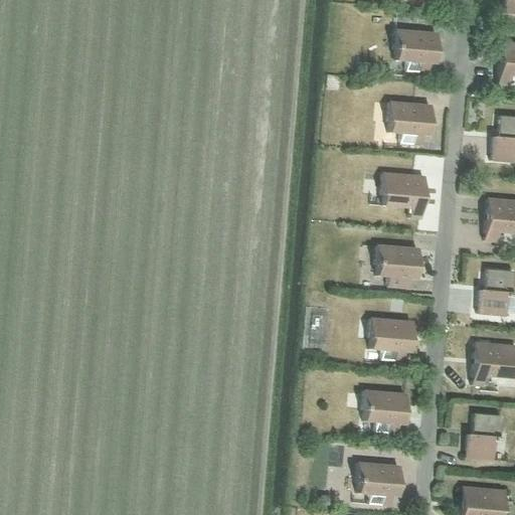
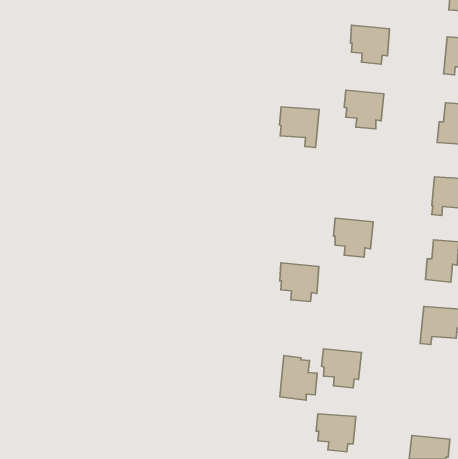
building: [381,172,425,217] -> [279,107,319,147]
building: [369,317,412,360] -> [280,263,319,302]
building: none -> [280,355,317,400]
building: [466,411,502,459] -> none

